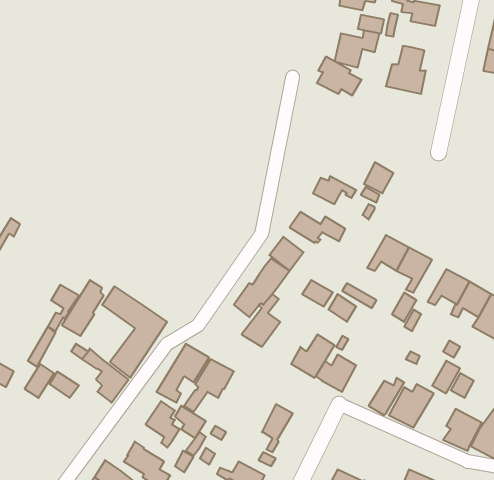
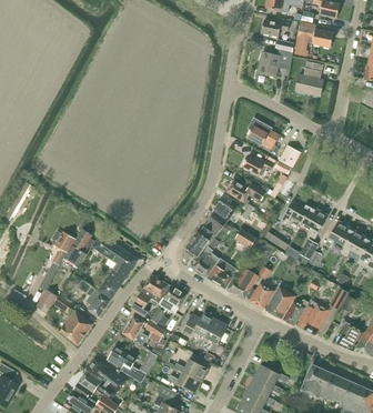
building: [317,57,362,95] -> [246,118,279,145]
building: none -> [206,258,236,289]
building: none -> [264,286,299,319]
building: none -> [59,310,92,344]
building: none -> [182,311,215,345]

